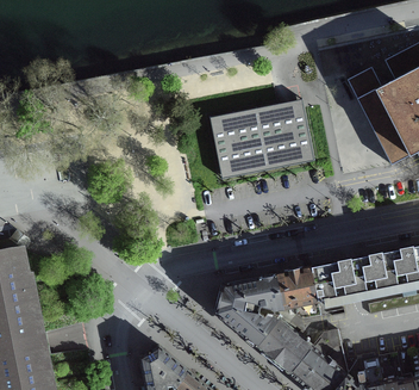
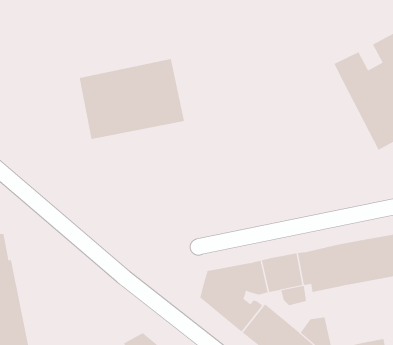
building: [210,100,314,180] -> [79,59,185,139]

